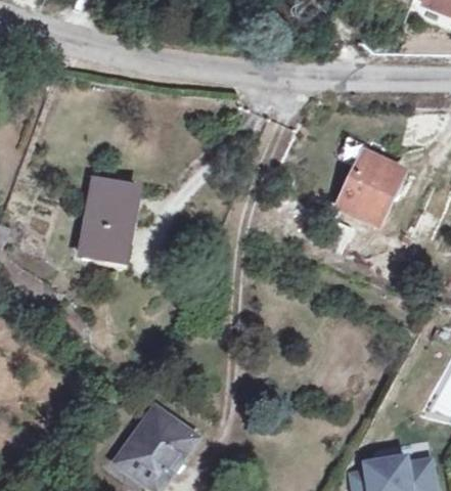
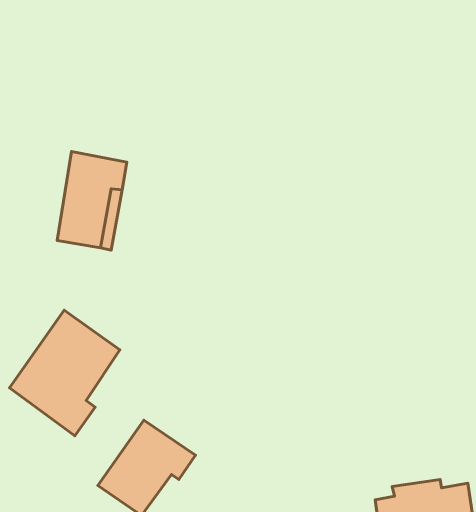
building: [339,154,400,222] -> none
building: none -> [9,310,120,436]

